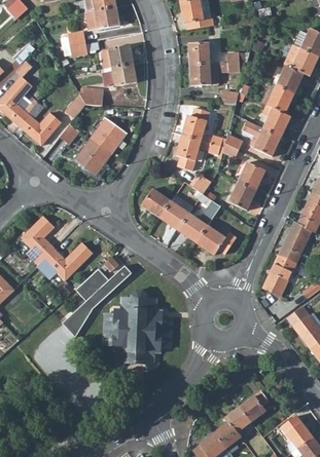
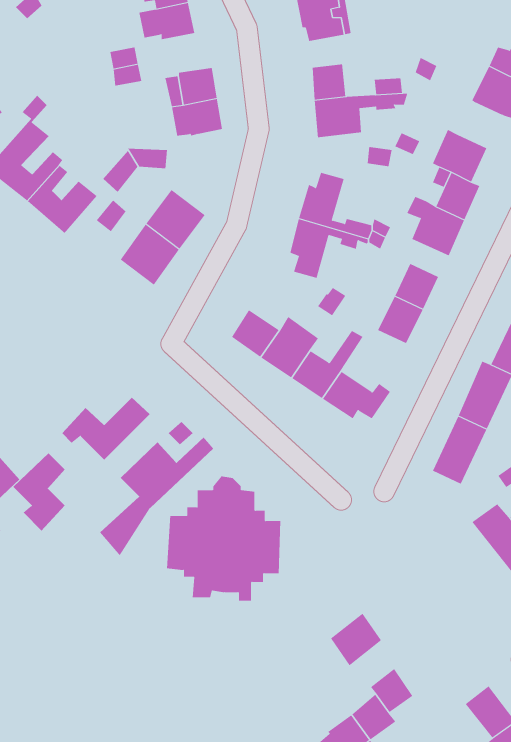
building: [277,66,304,93] -> none
building: [22,217,54,264] -> [12,452,66,531]
building: [239,389,270,421] -> [330,613,382,666]

